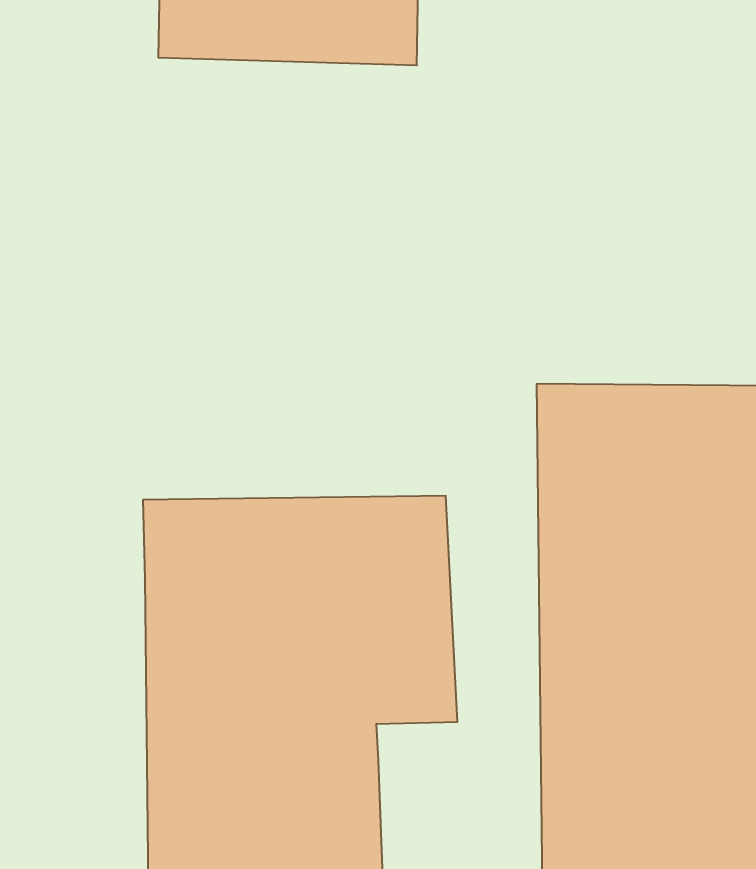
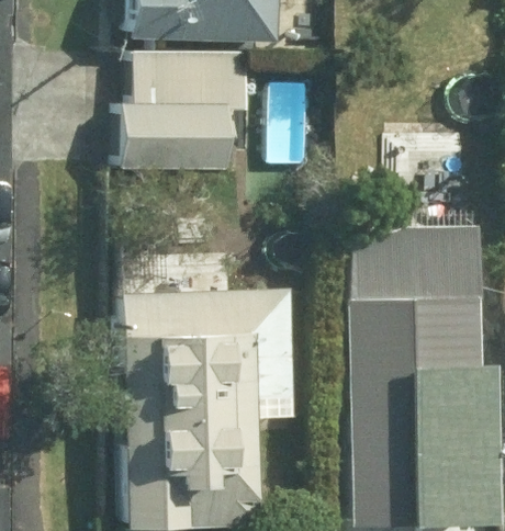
building: none -> [111,50,243,168]

